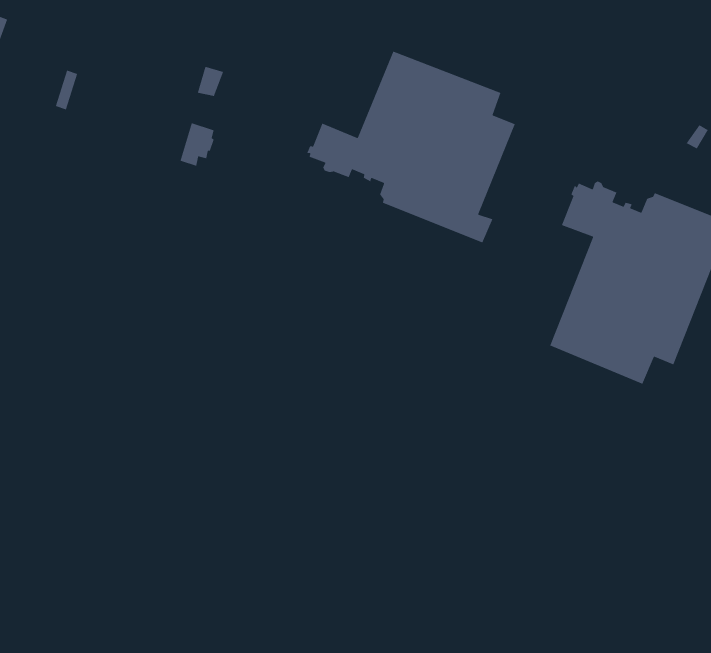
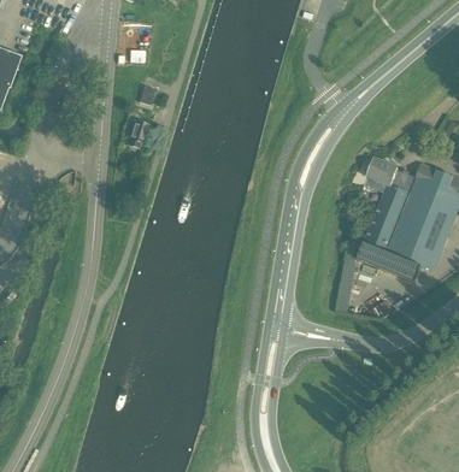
building: [306,50,516,243] -> none

